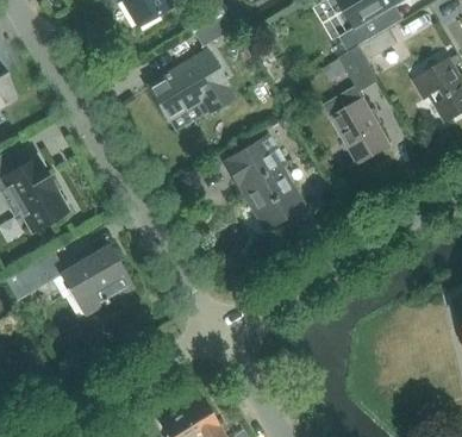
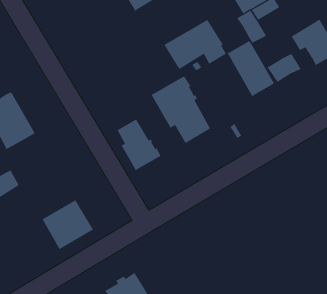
building: [148,51,232,119] -> [164,19,227,70]
building: none -> [267,53,301,83]
building: none -> [117,119,161,171]
building: [61,246,131,314] -> [41,199,94,250]

